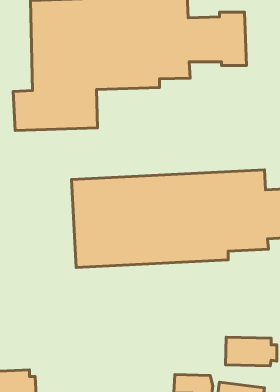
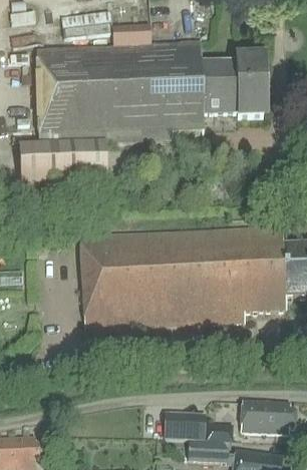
building: none -> [166,410,207,437]

